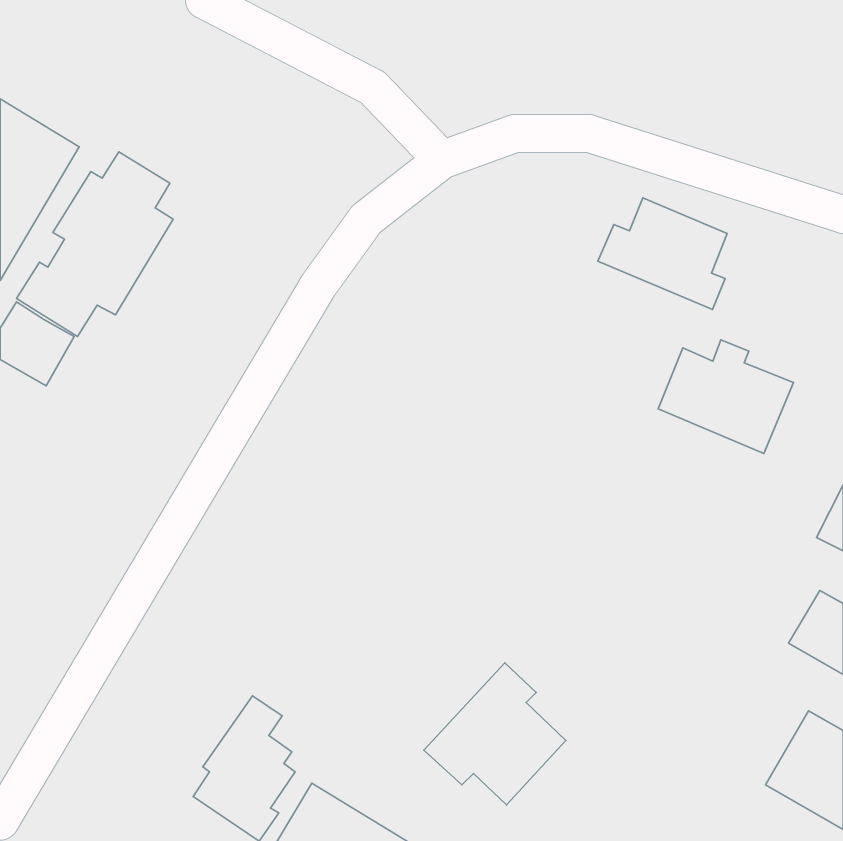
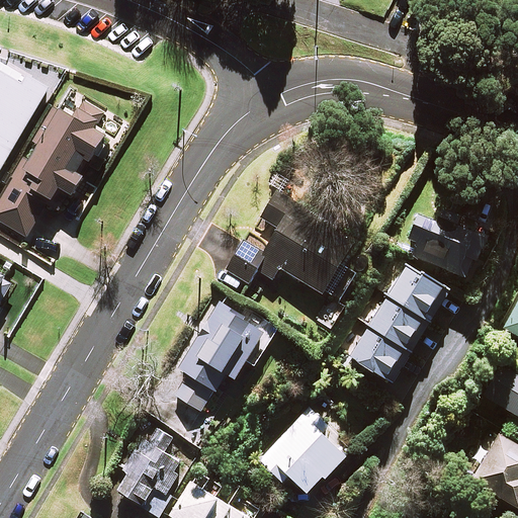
building: [598,198,727,310] -> none
building: none -> [227,192,351,294]
building: none -> [350,263,443,378]
building: none -> [174,305,273,410]

